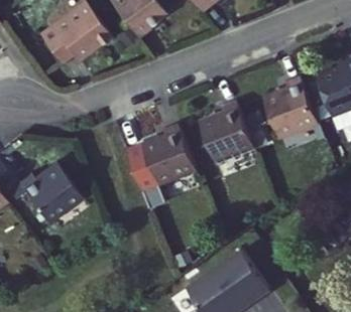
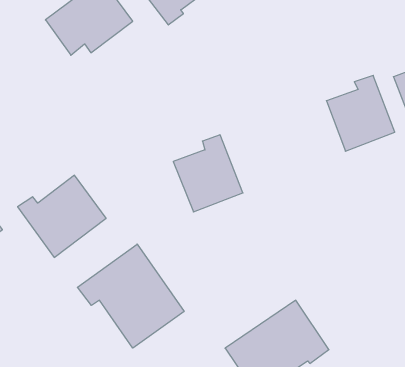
building: [201,101,255,162] -> none
building: none -> [77,244,184,348]

